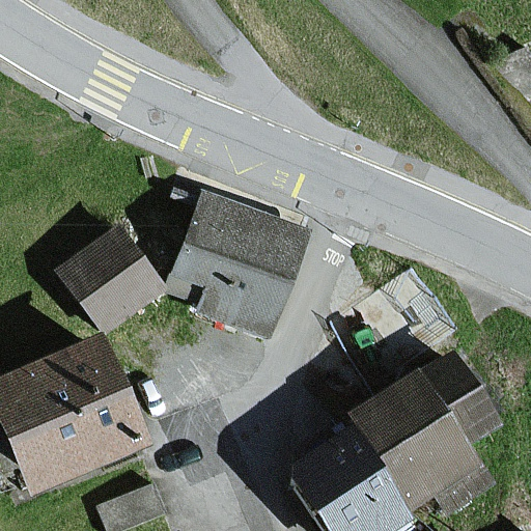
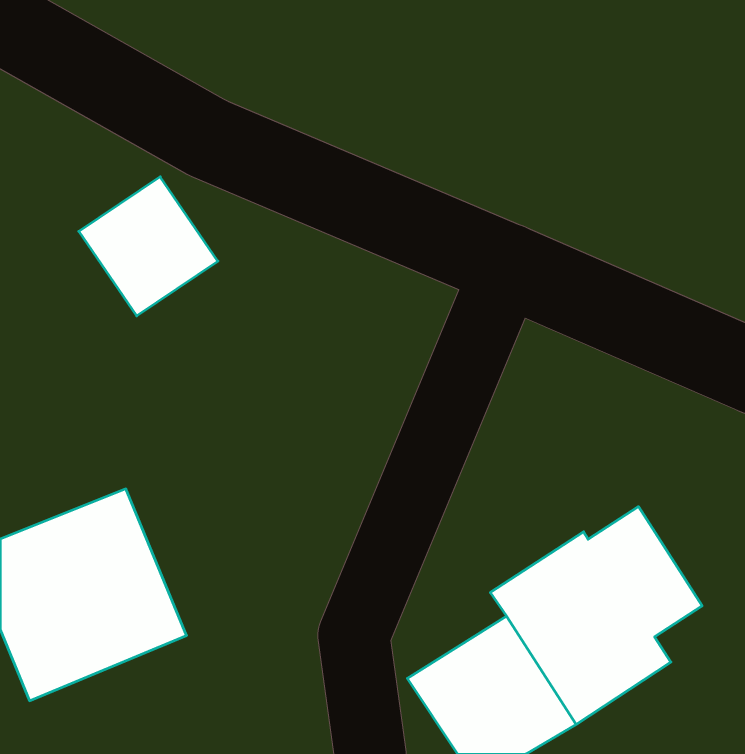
building: [180,195,306,330] -> none
building: [64,230,162,328] -> [79,177,218,316]

